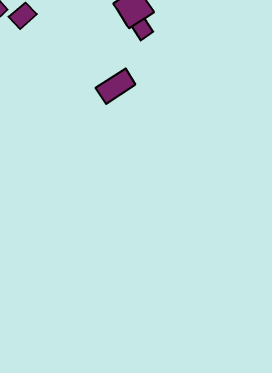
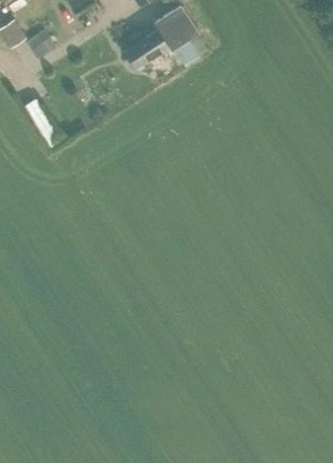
building: [95,68,135,104] -> [119,31,165,72]

